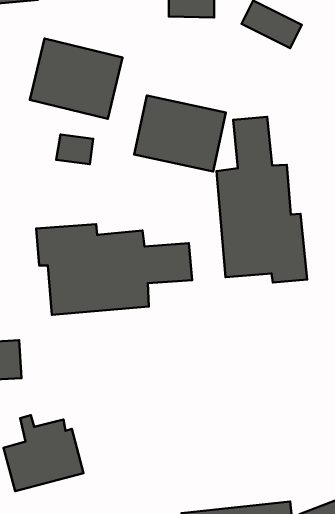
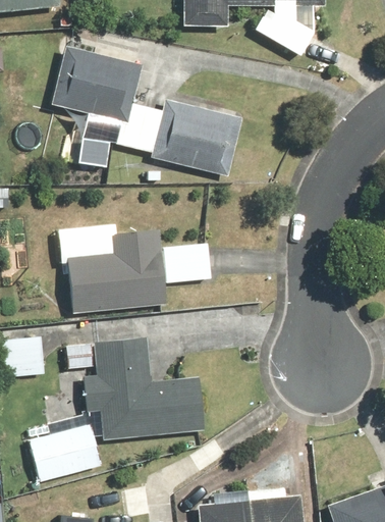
building: [216,117,307,282] -> none
building: none -> [84,338,204,438]

